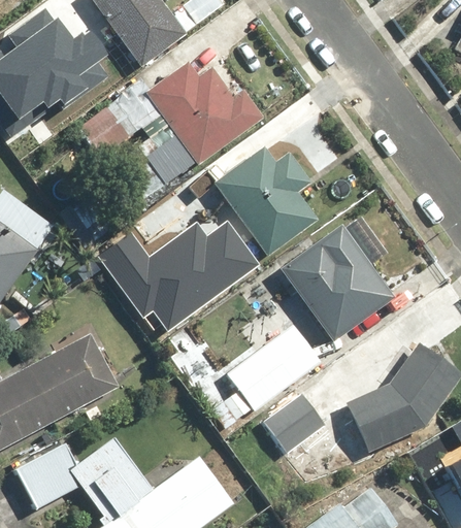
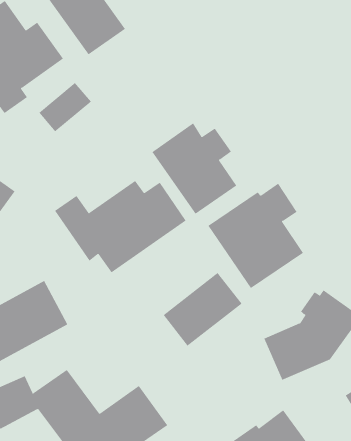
building: [108,63,263,206] -> none
building: [263,393,323,452] -> none

